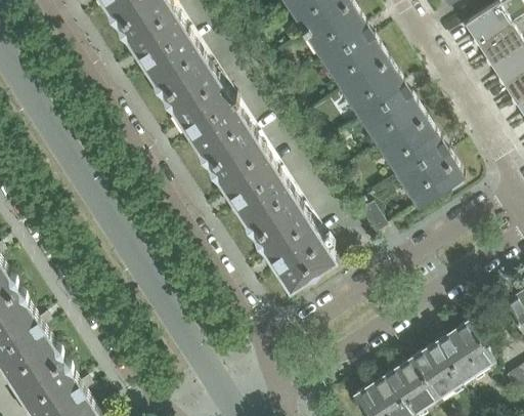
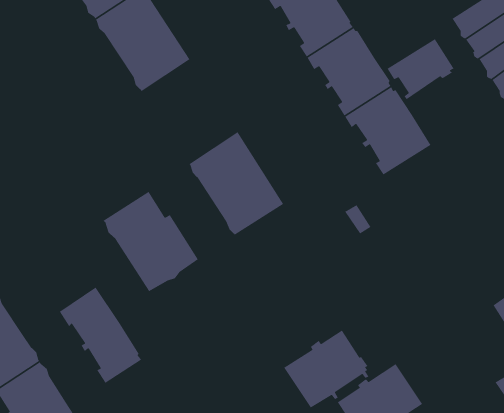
building: [163,65,257,166] -> none
building: [398,148,465,208] -> [387,38,455,100]
building: none -> [103,191,199,292]
building: [254,205,338,291] -> none
building: none -> [59,287,142,384]
building: [410,323,494,400] -> [283,329,369,408]

